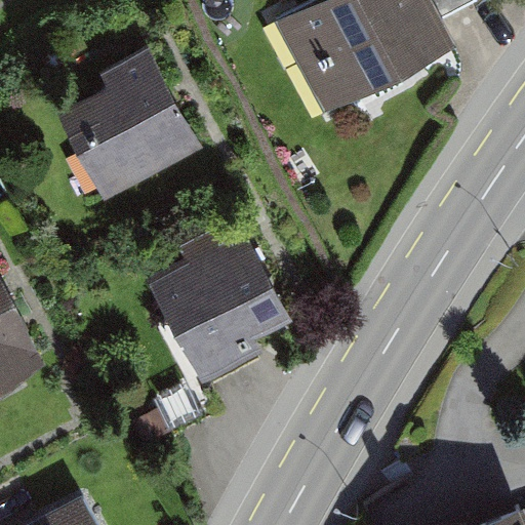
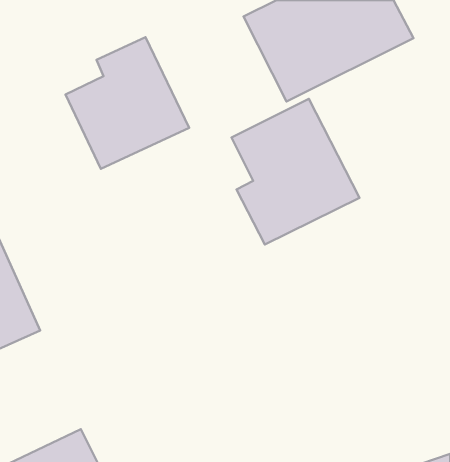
building: none -> [231,99,359,245]
building: [162,226,316,382] -> none

